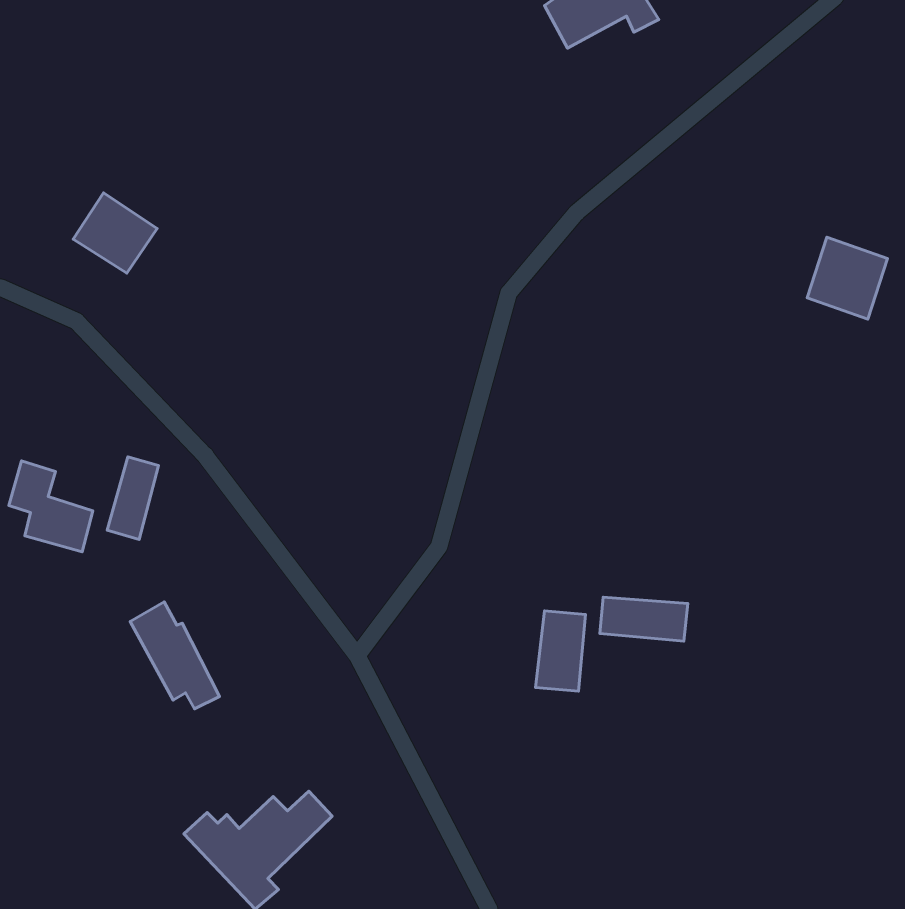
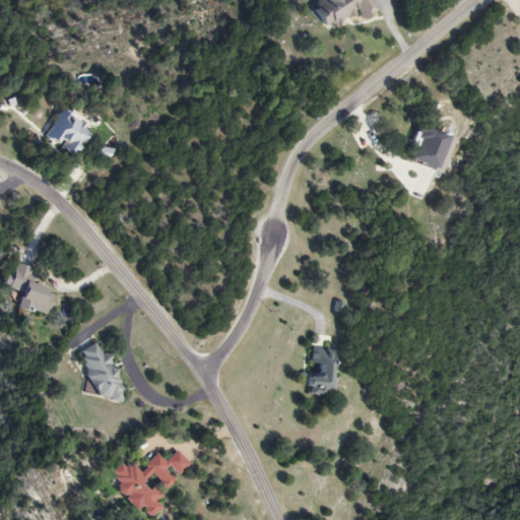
building: [807,237,887,319] -> [407,124,453,171]
building: [107,457,158,540] -> none
building: [600,597,688,641] -> none

